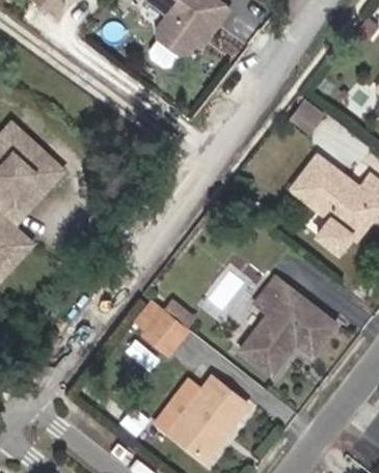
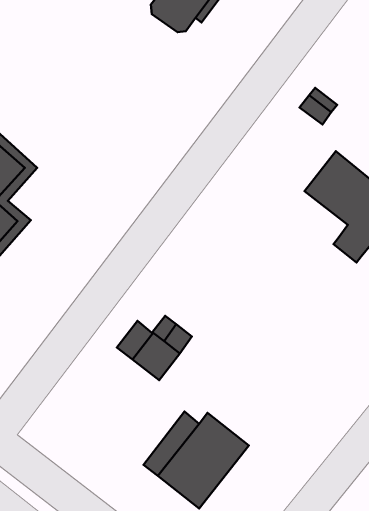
building: [238,277,335,374] -> none

